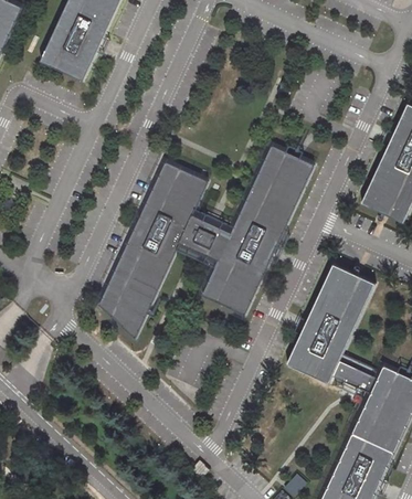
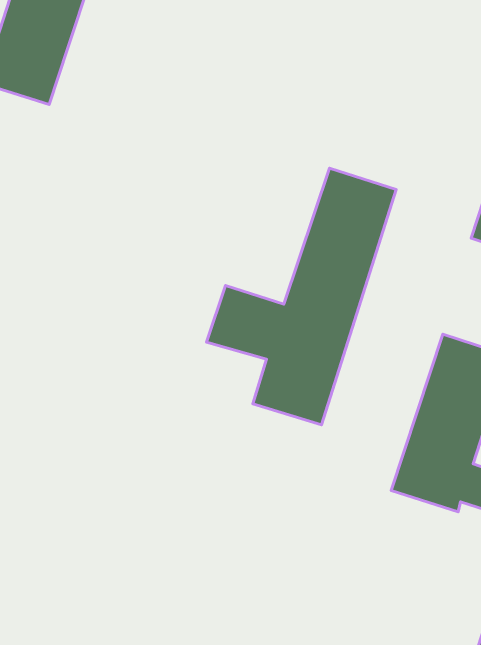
building: [98,162,204,339] -> none

